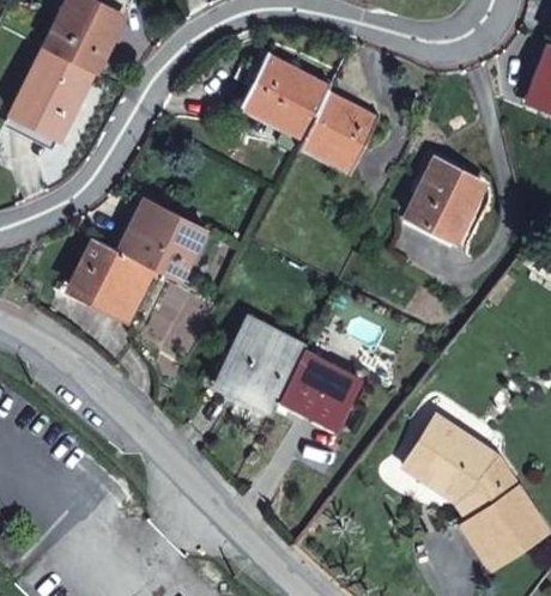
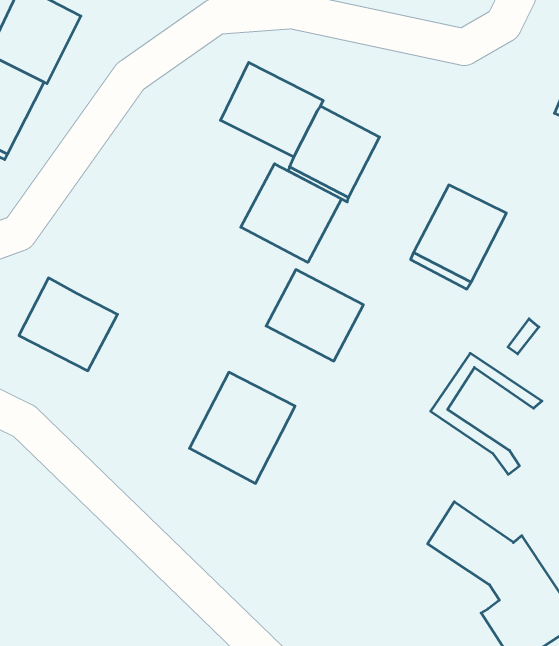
building: none -> [241,164,341,262]
building: [120,195,205,281] -> none
building: [279,351,362,428] -> [266,270,363,361]
building: [404,416,498,519] -> [431,353,542,474]

